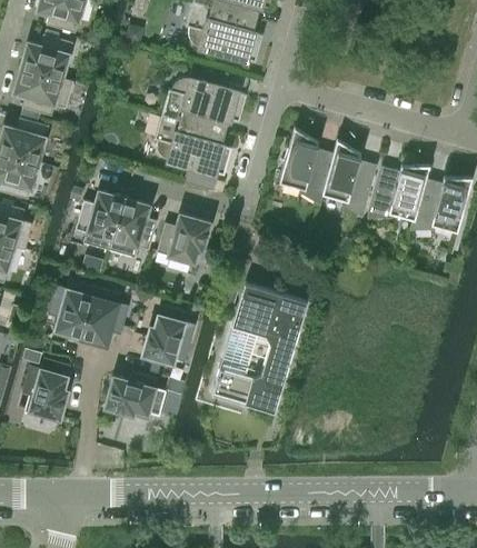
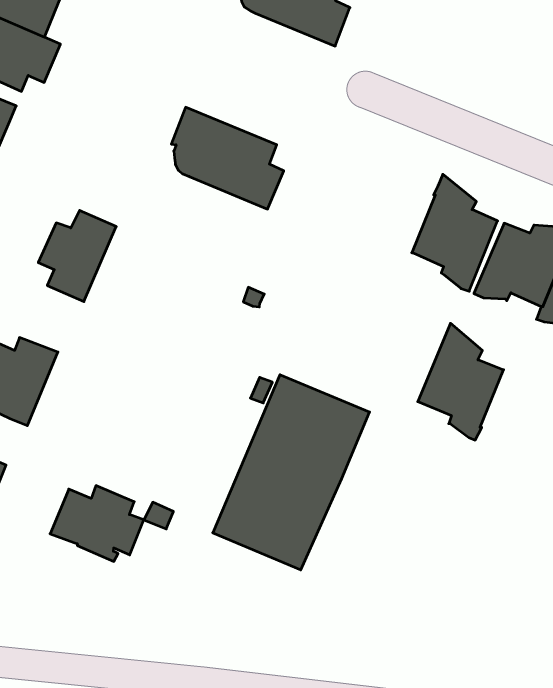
building: [160,80,245,133] -> none
building: [278,128,332,203] -> [418,323,504,440]
building: [108,200,156,259] -> none
building: [156,216,209,265] -> none
building: [80,288,128,346] -> none
building: [141,307,195,366] -> none

